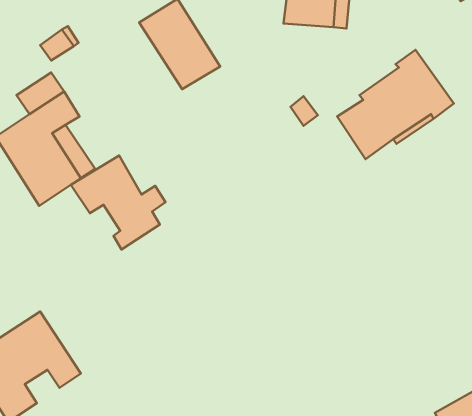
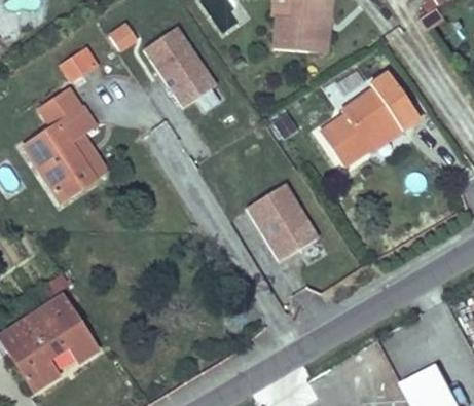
building: [71,156,166,250] -> none
building: none -> [249,182,318,258]

